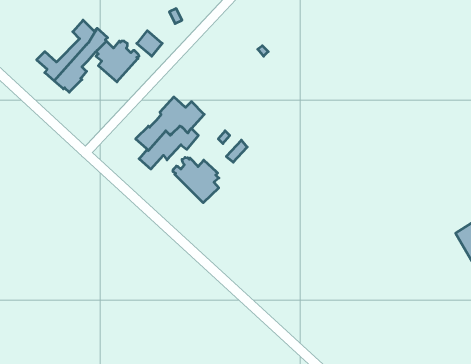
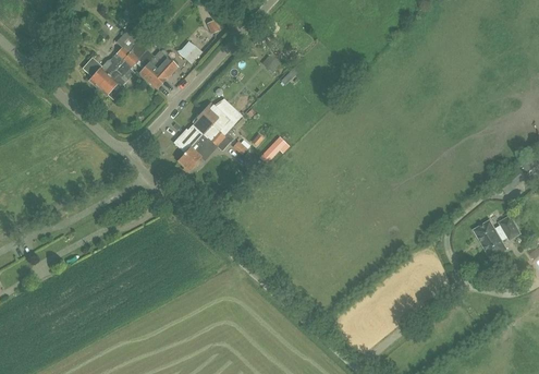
building: [173,157,219,203] -> none

